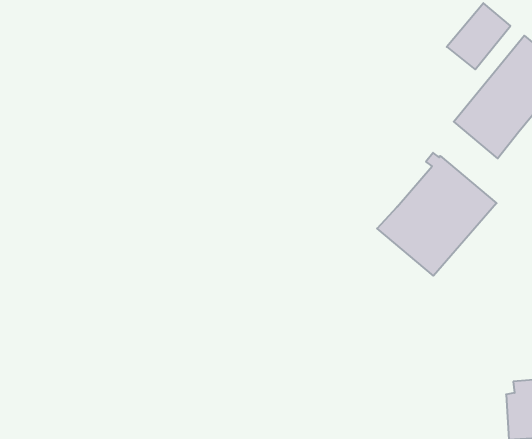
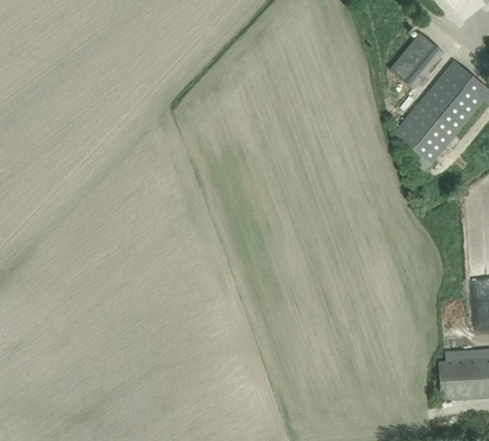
building: [377,153,497,276] -> none

